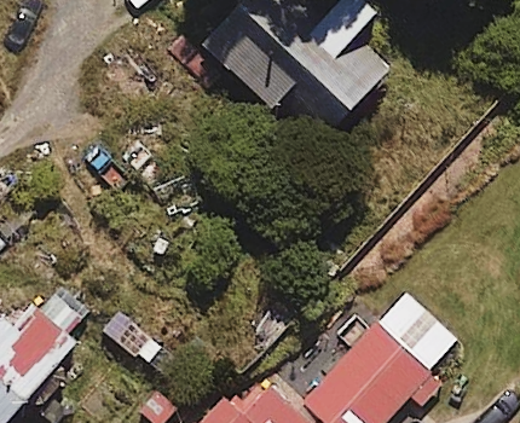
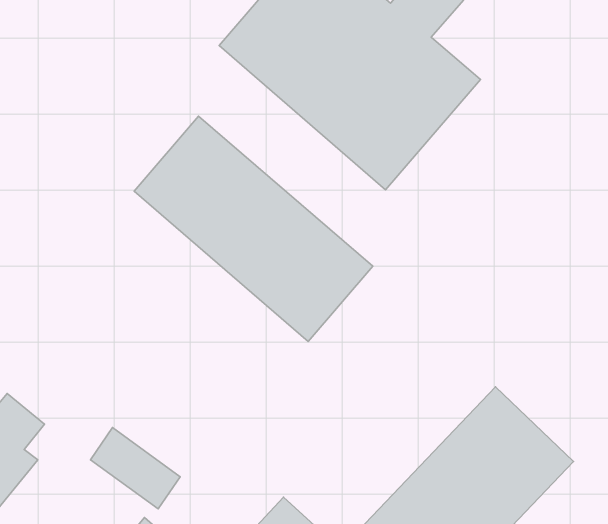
building: none -> [134,116,373,341]

